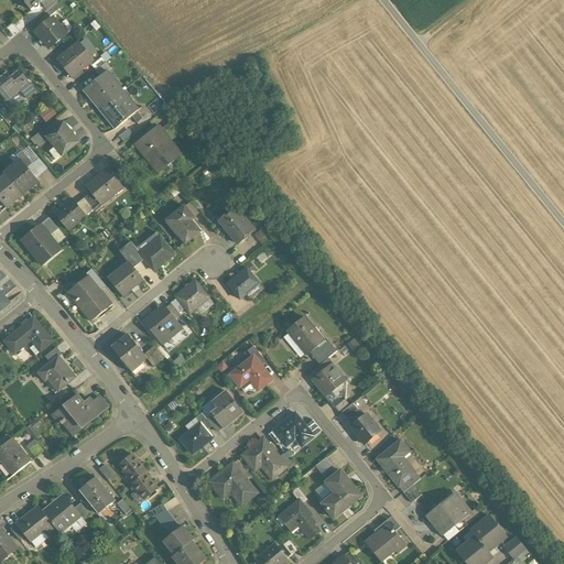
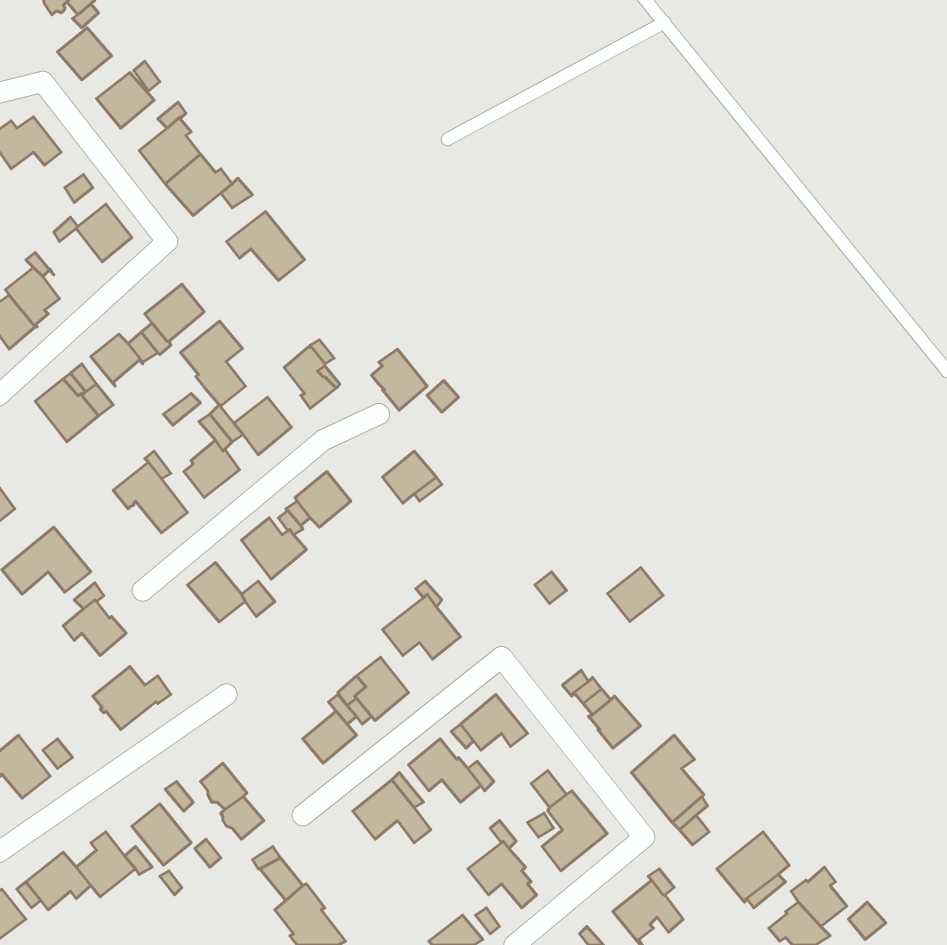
building: none -> [180,321,246,406]
building: [286,316,323,354] -> none
building: [312,364,345,395] -> [608,568,663,621]

